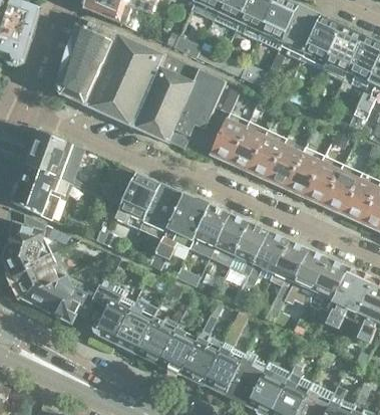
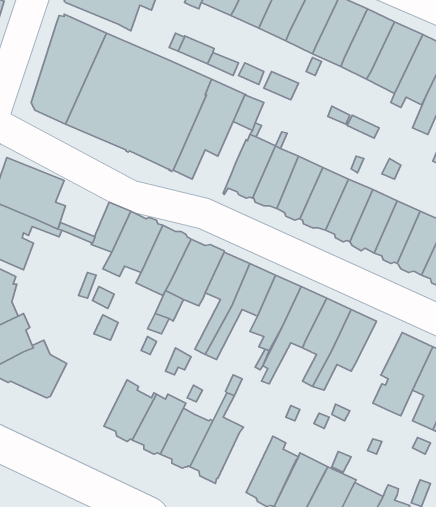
building: [309,259,349,314] -> none
building: [92,276,135,343] -> none
building: [205,312,246,394] -> none

